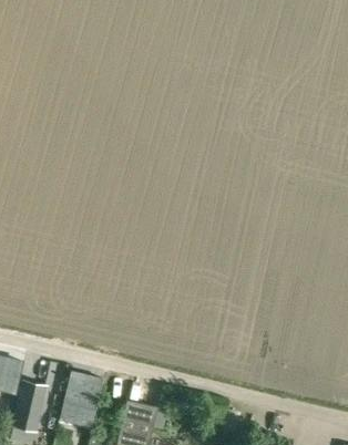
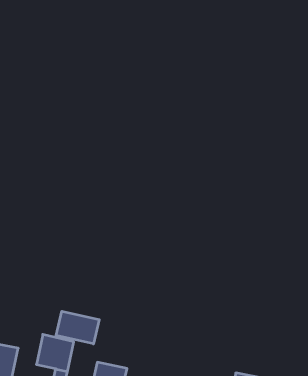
building: none -> [56,311,99,344]

